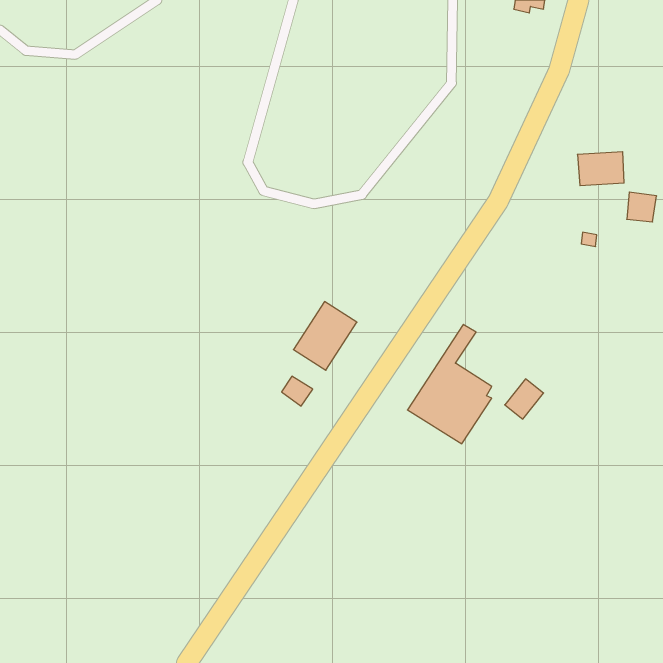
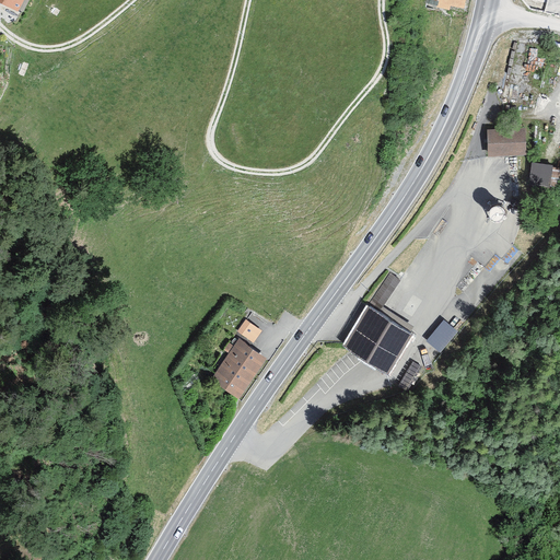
building: [293,302,357,370] -> [209,341,262,399]

